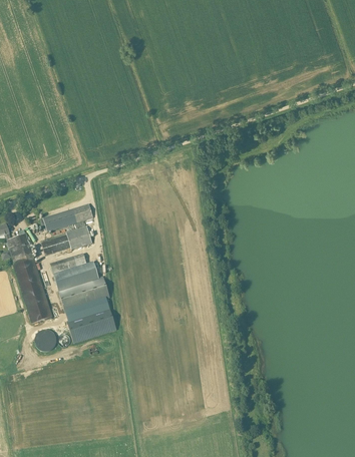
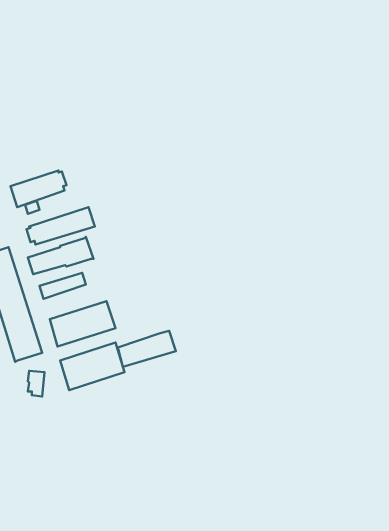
building: none -> [10,171,66,207]
building: [53,261,98,289] -> [118,331,176,367]

